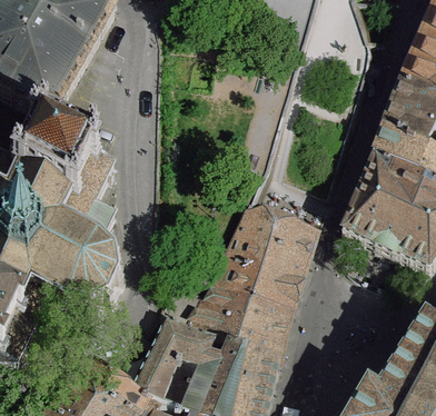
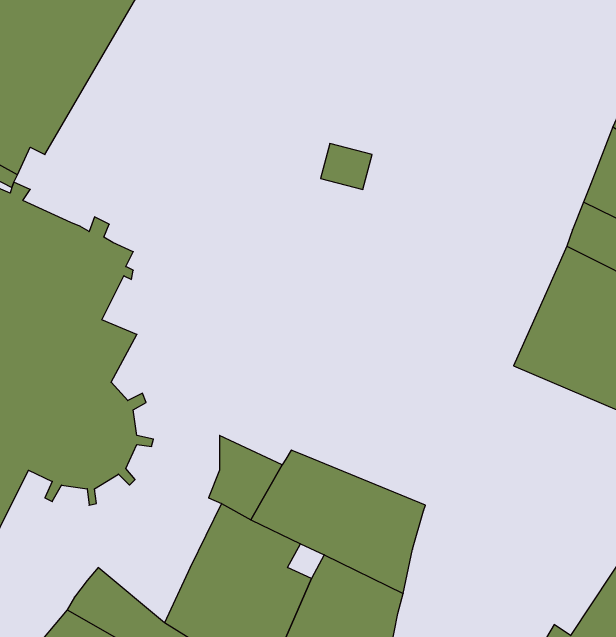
building: [40,98,88,143] -> none
building: [214,207,316,315] -> none

